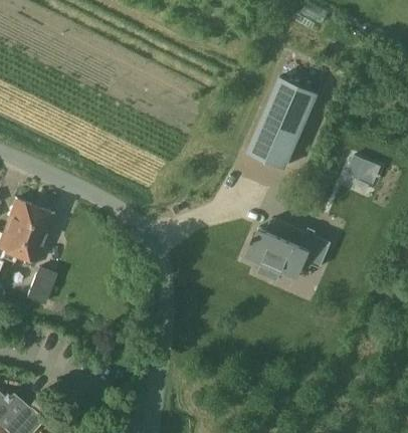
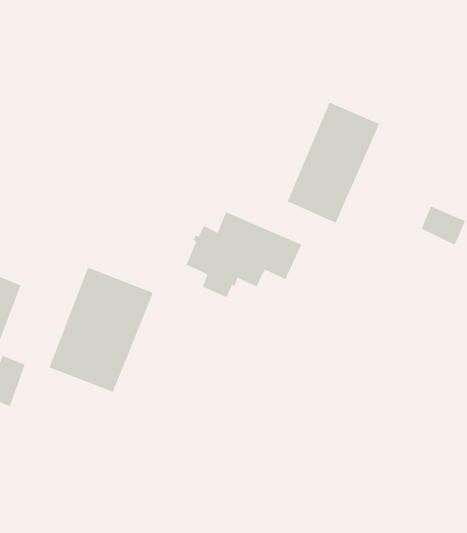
building: none -> [49,267,153,392]
building: [247,218,333,281] -> [186,212,302,298]

